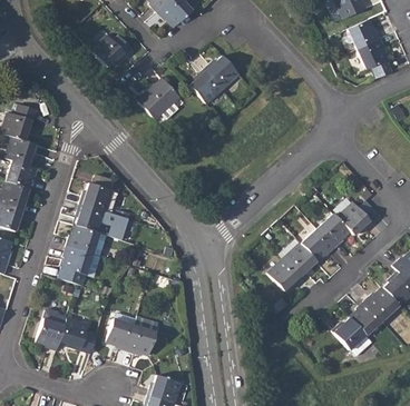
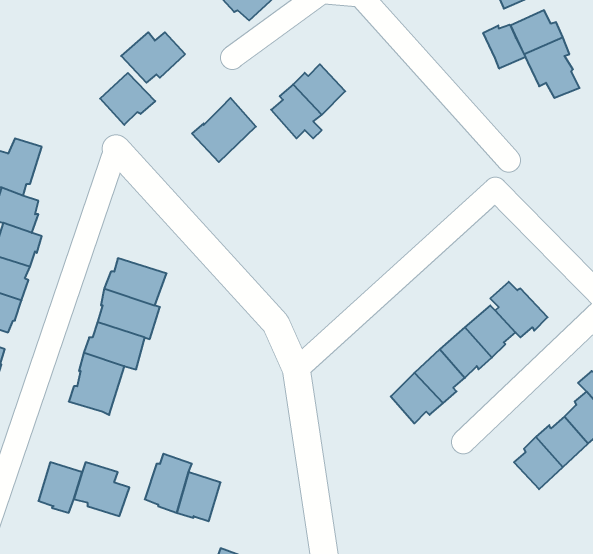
building: none -> [483,25,525,69]
building: none -> [100,73,155,125]
building: [332,317,367,349] -> none

